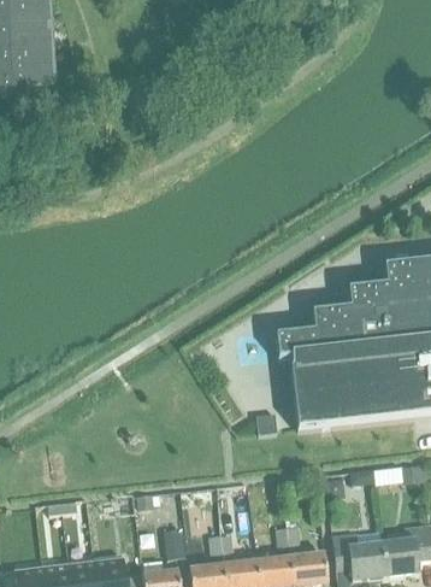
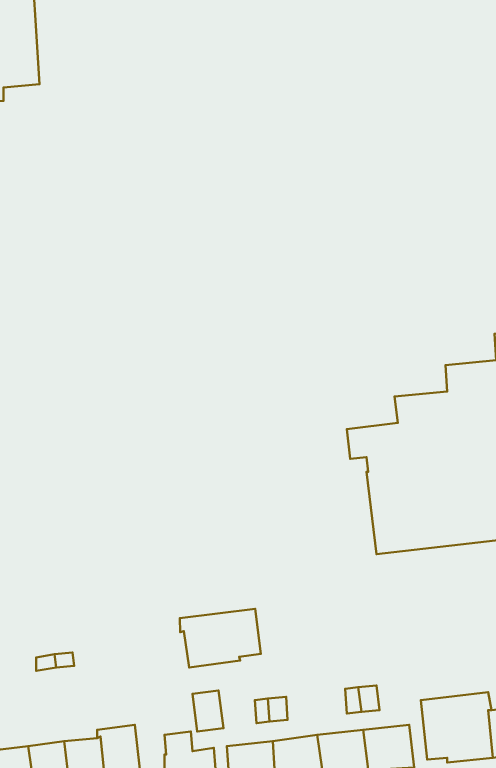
building: none -> [180,609,261,667]

